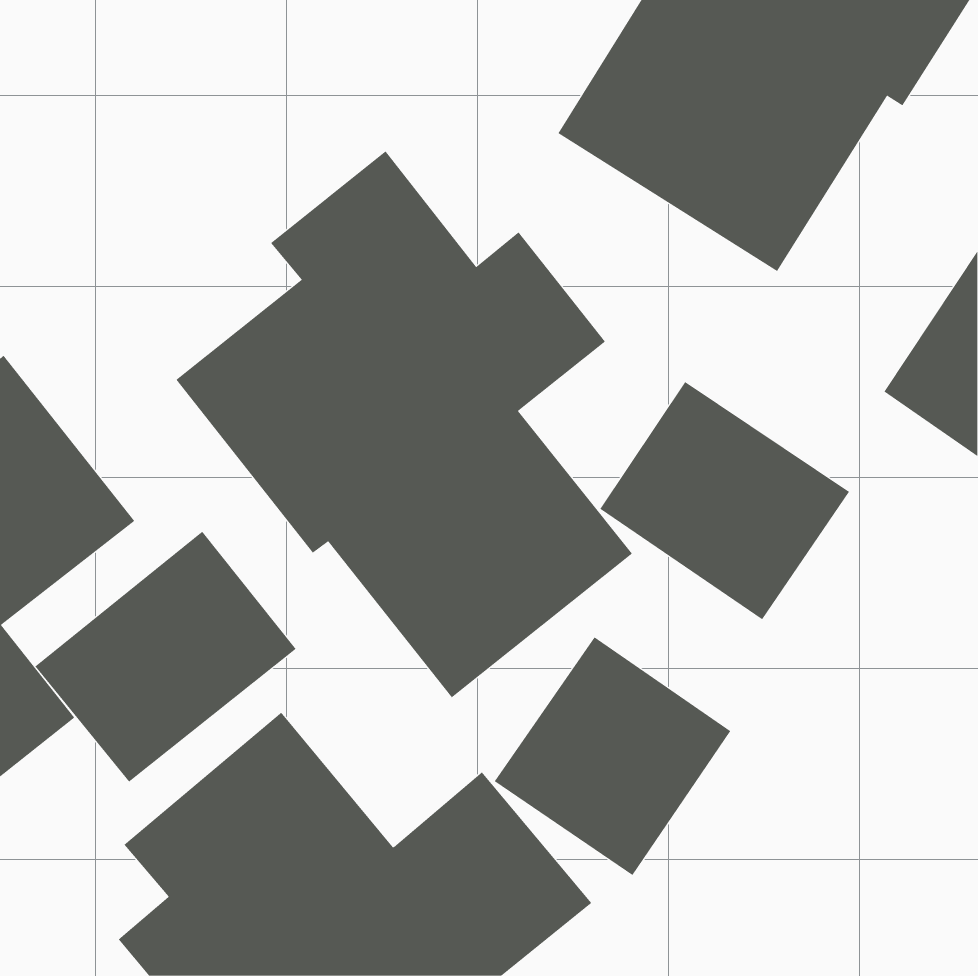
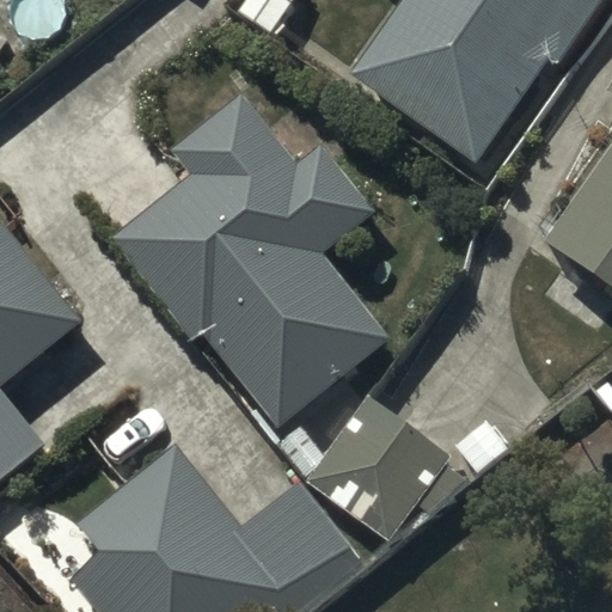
building: [599,381,850,620] -> none
building: [35,531,296,782] -> none

